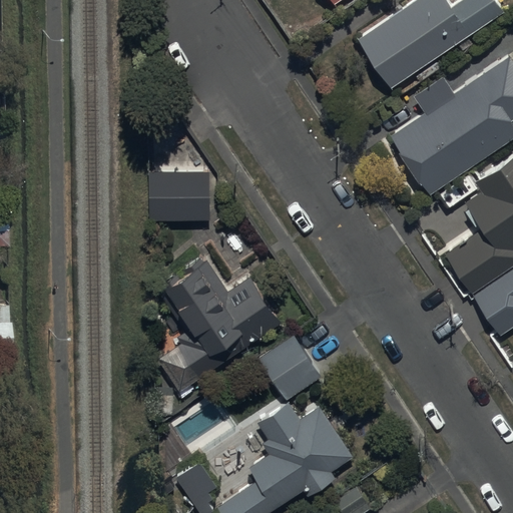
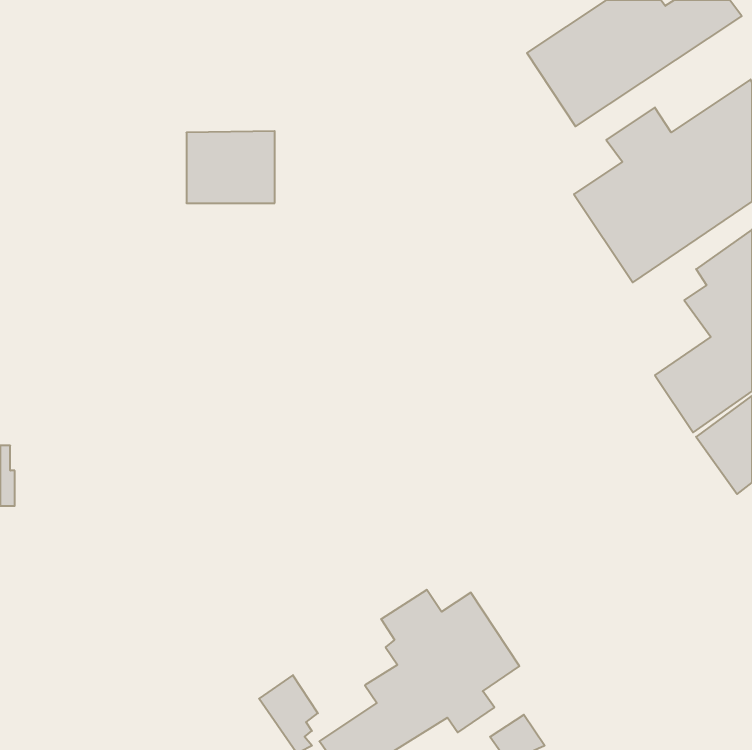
building: [150,171,210,220] -> [186,131,275,203]
building: [156,254,282,393] -> none
building: [260,334,322,398] -> none

